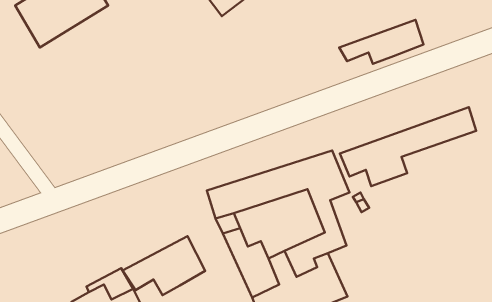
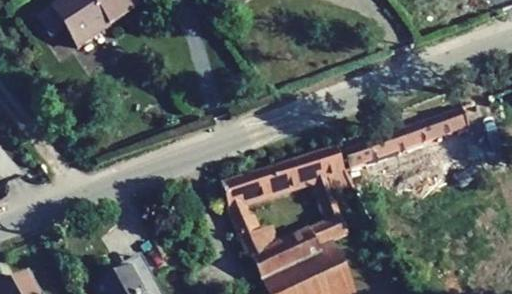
building: [339,20,424,64] -> none
building: [122,236,205,295] -> none

